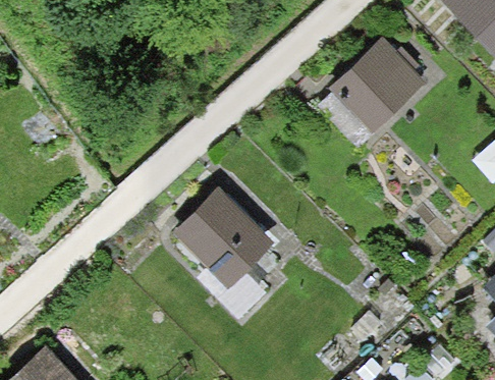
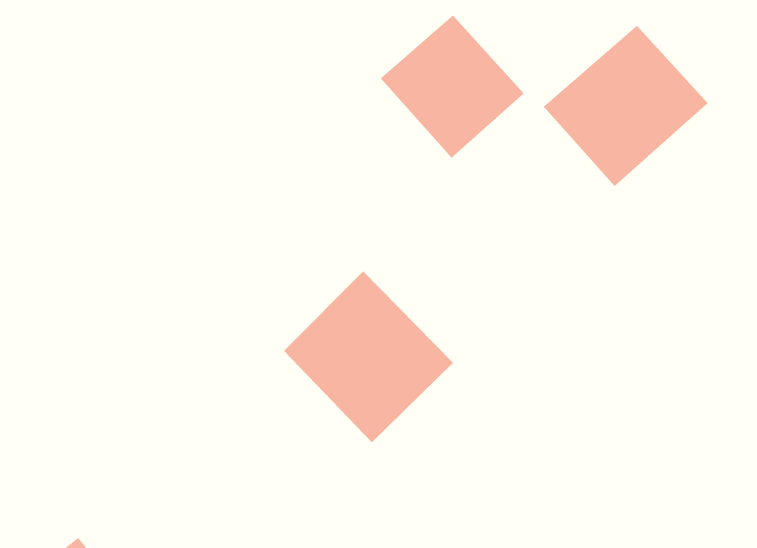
building: none -> [380,15,524,159]

